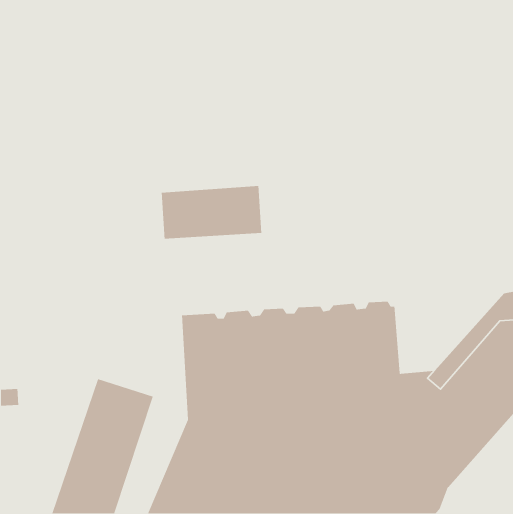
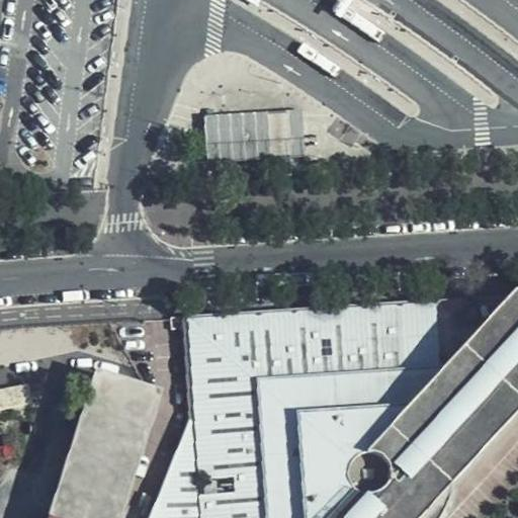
building: [161,185,262,240] -> [205,111,308,166]
building: none -> [399,300,438,375]

